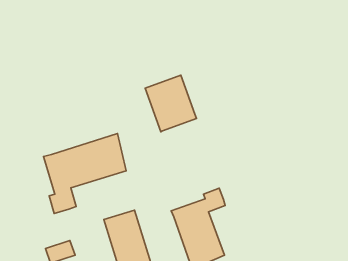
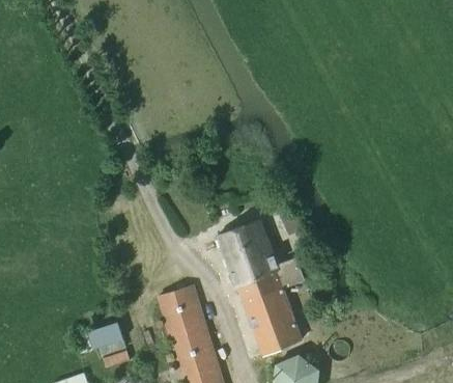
building: [145,75,197,132] -> [217,220,278,288]
building: [43,134,126,213] -> none

